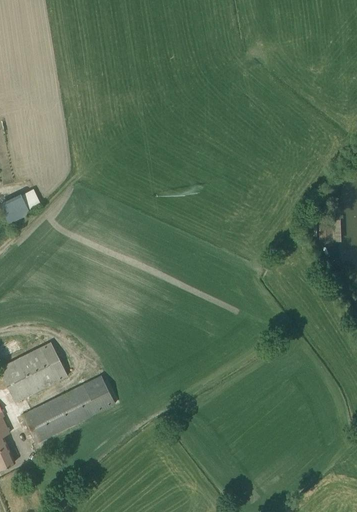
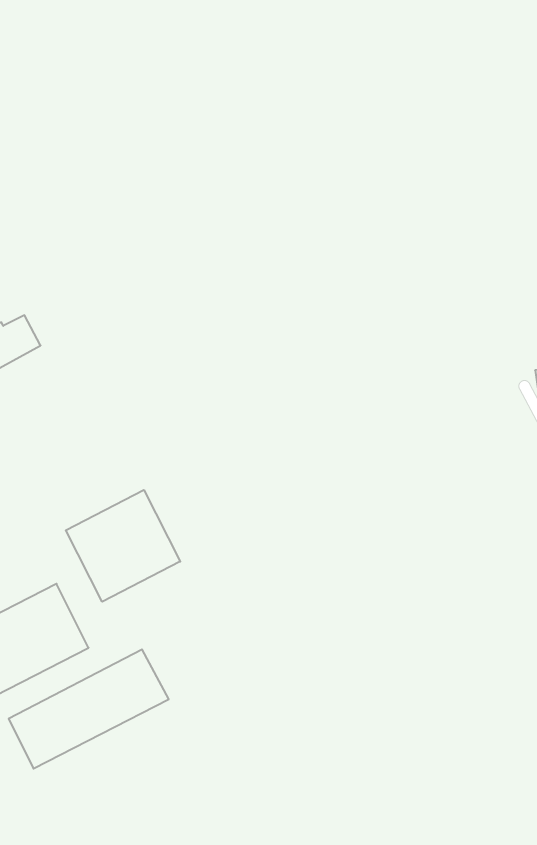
building: none -> [66,490,180,602]

